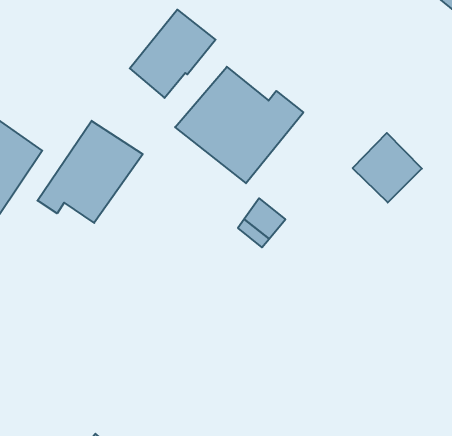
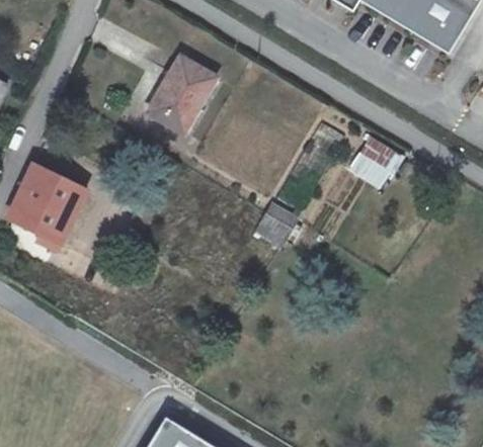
building: [175,67,303,183] -> none
building: [37,121,143,223] -> none

